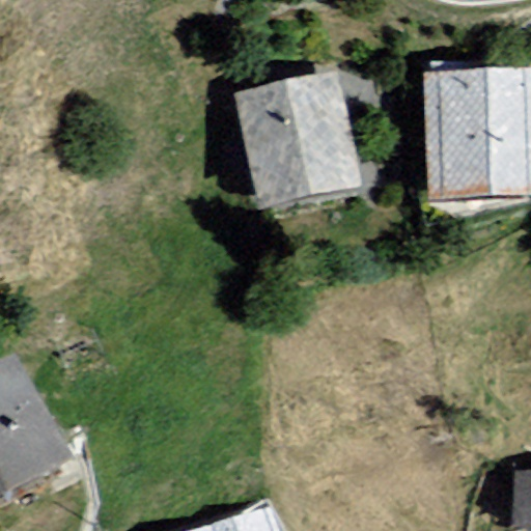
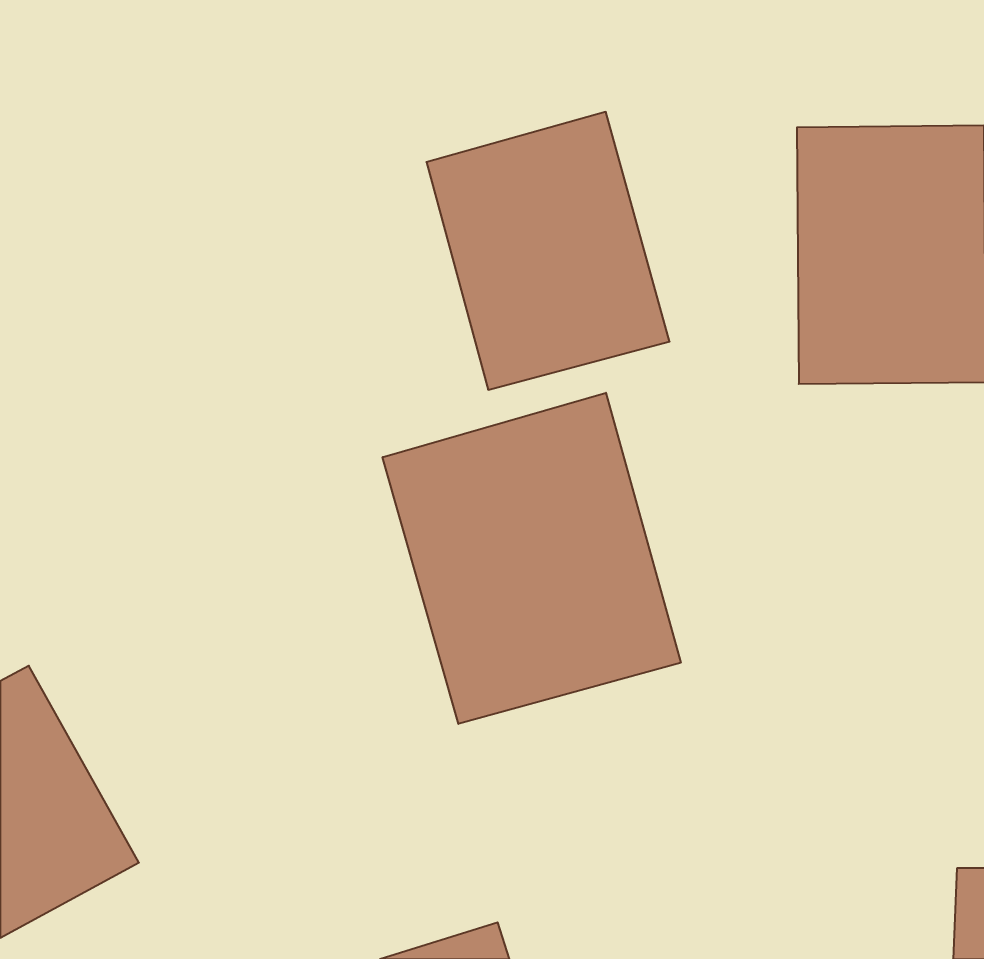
building: none -> [383,393,681,724]

